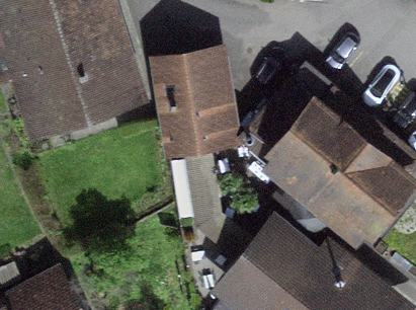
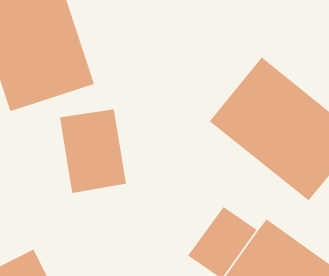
building: [155,54,227,144] -> [59,109,127,194]

